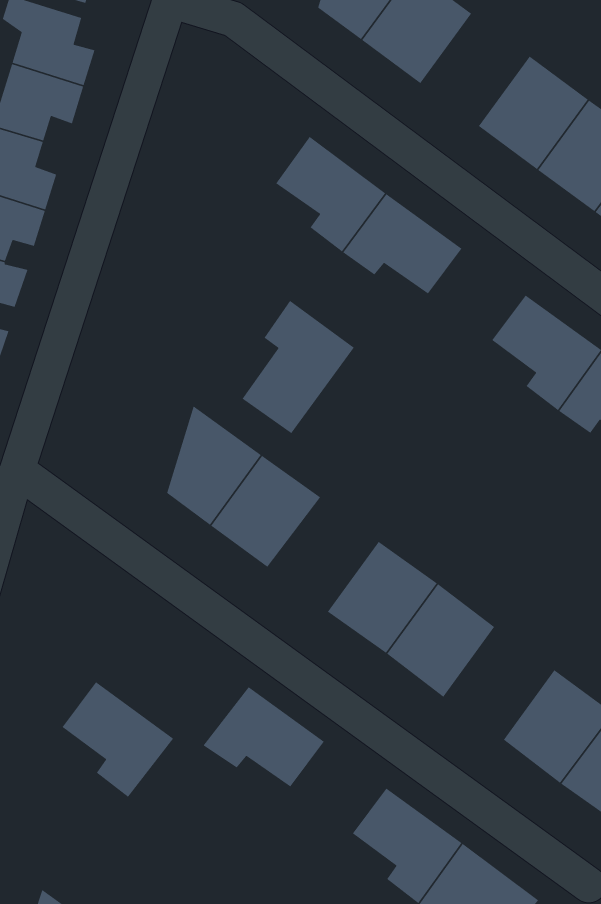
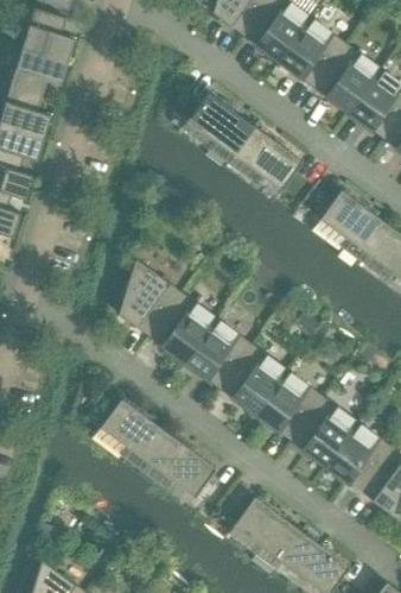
building: none -> [276,15,344,86]
building: [241,300,355,434] -> none
building: none -> [182,316,250,387]
building: none -> [291,397,359,467]
building: [61,681,174,798] -> [100,398,170,471]

